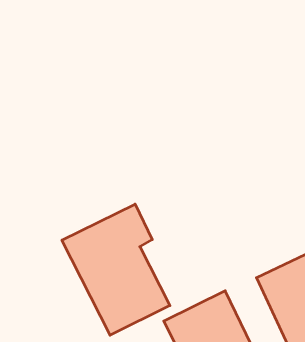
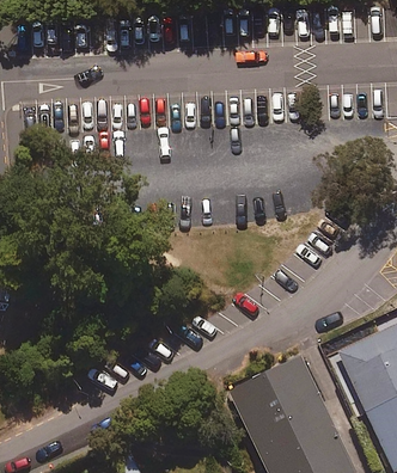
building: [62,204,170,335] -> none

